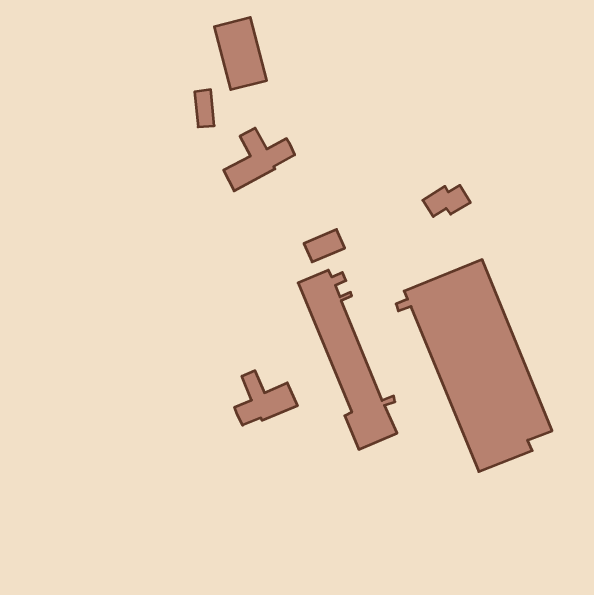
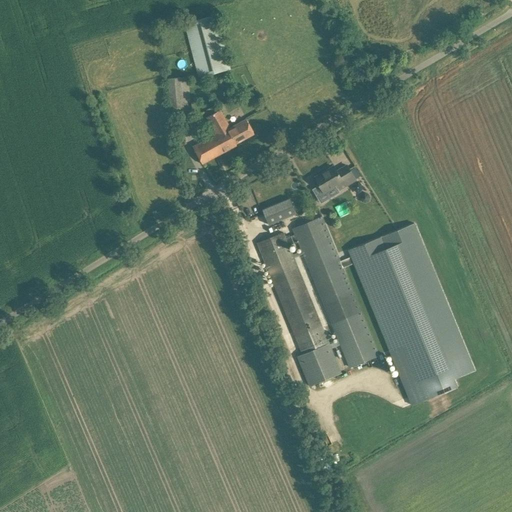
building: [423,185,470,217] -> [314,165,355,192]
building: none -> [292,216,378,367]
building: [235,371,297,425] -> none

